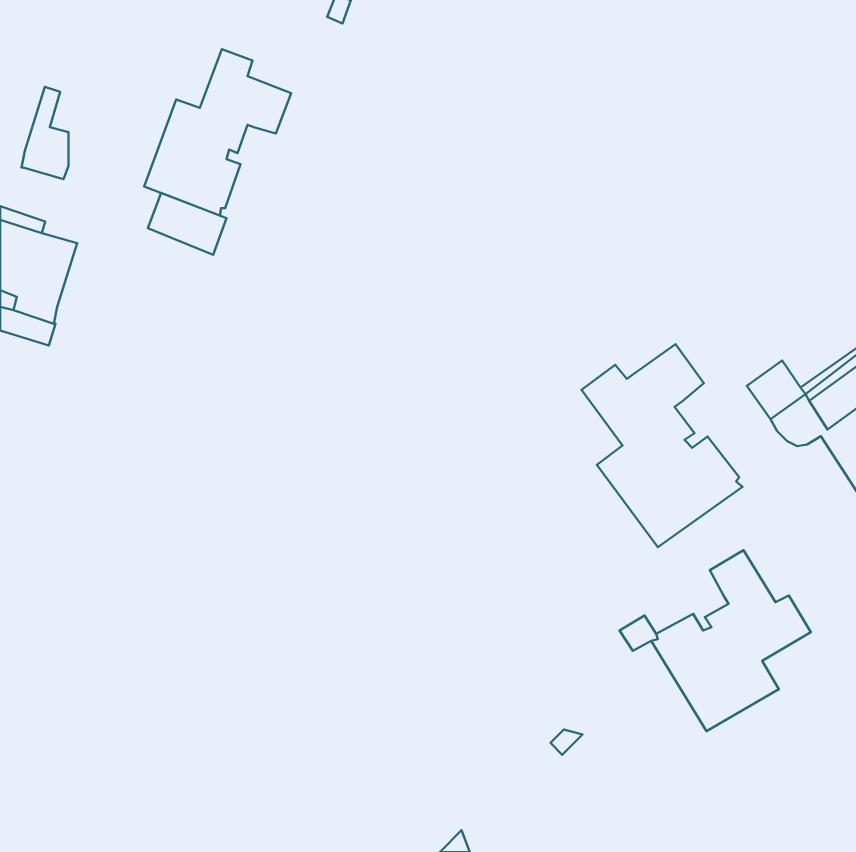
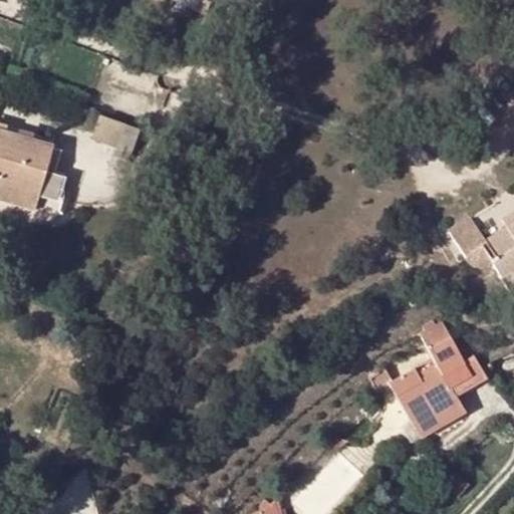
building: [144,49,291,215] -> none
building: [21,87,68,179] -> [33,146,61,201]
building: [582,344,742,547] -> none

